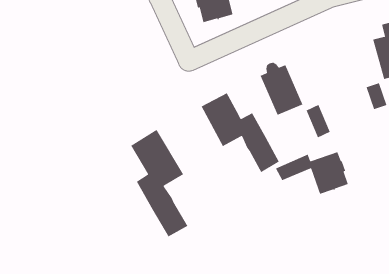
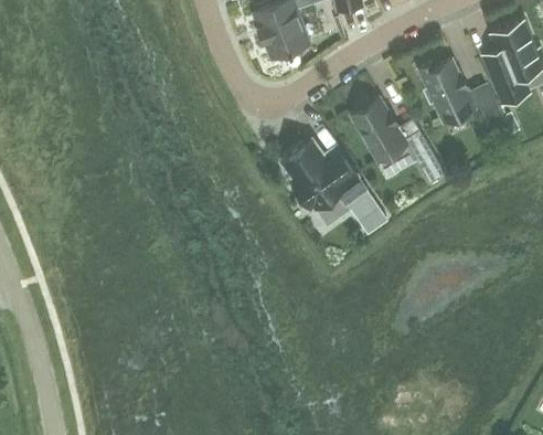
building: none -> [418,60,476,124]
building: [130,129,189,237] -> none
building: [275,151,349,195] -> none

